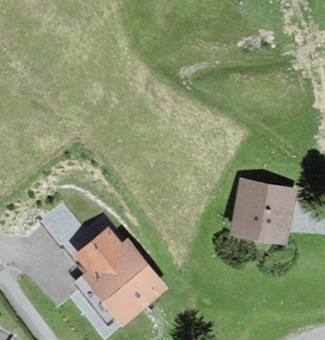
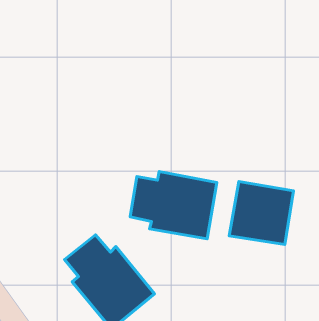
building: none -> [130,172,217,239]

